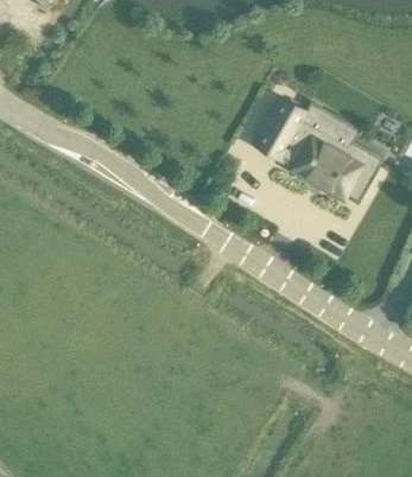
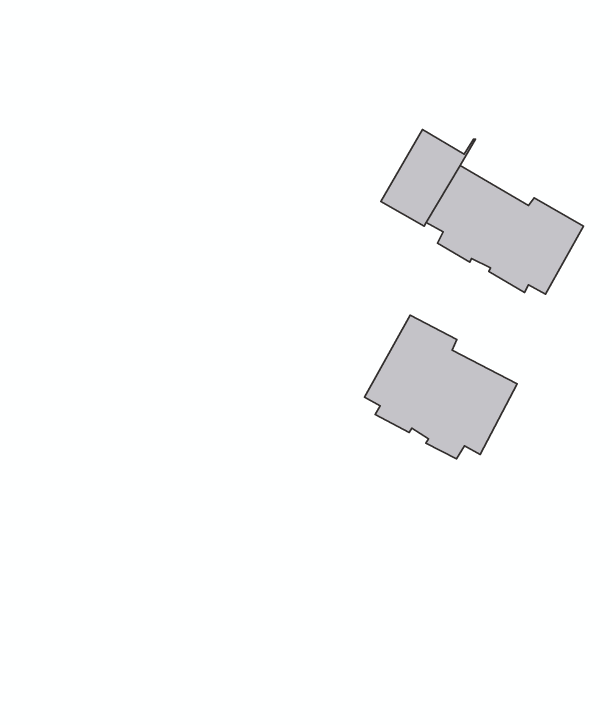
building: none -> [364,315,517,459]

